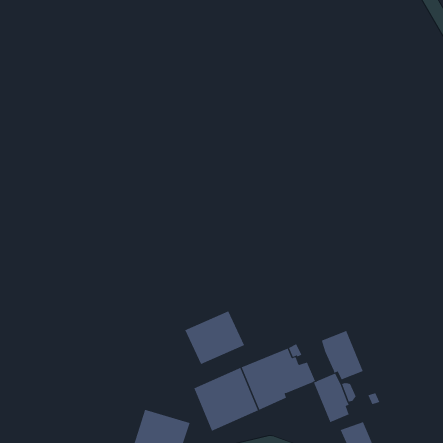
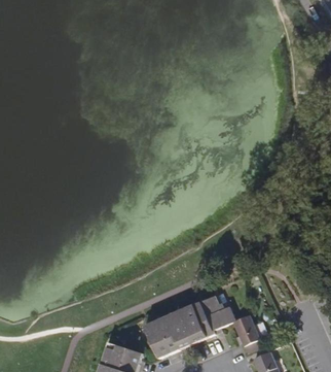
building: [184,310,245,365] -> none
building: [321,330,364,380] -> none

